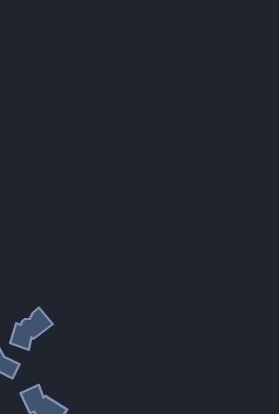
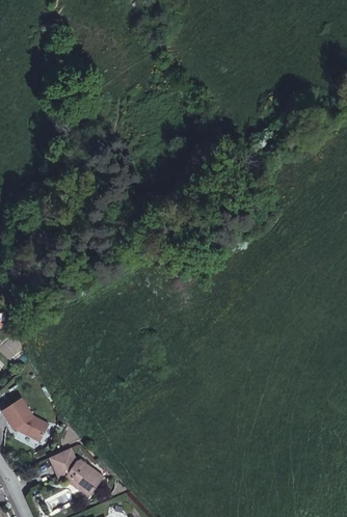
building: [10,308,53,350] -> none

